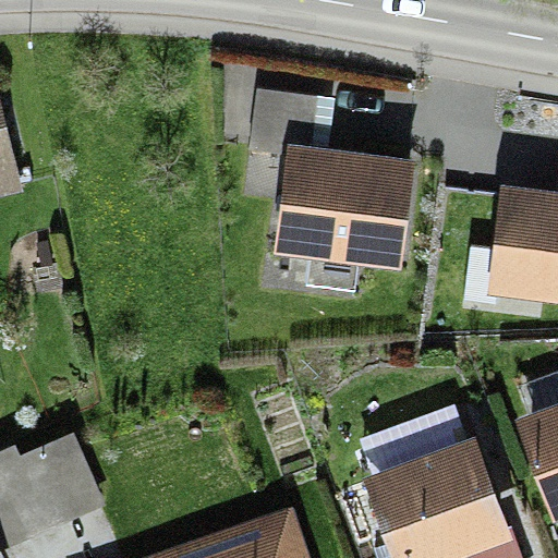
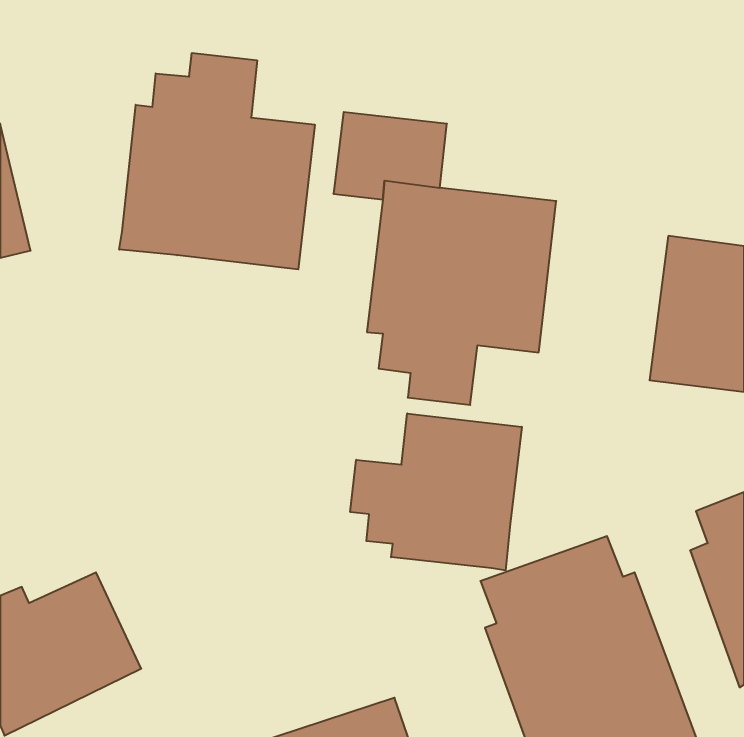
building: none -> [119,53,315,269]
building: none -> [350,413,522,570]

